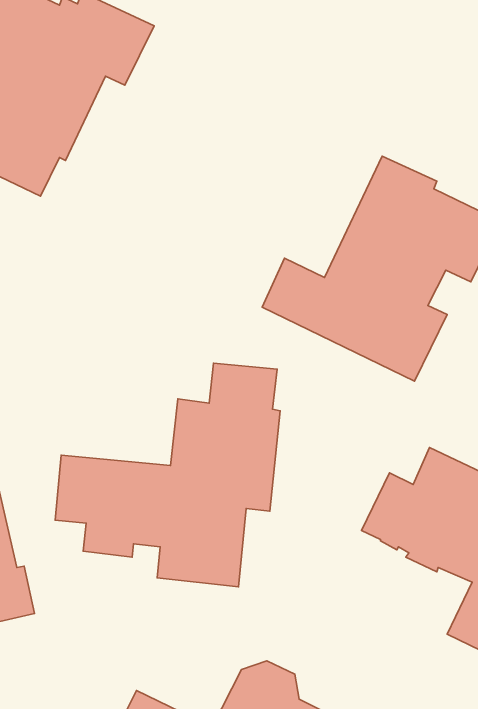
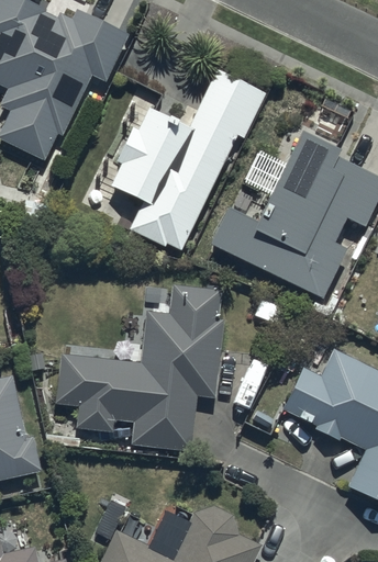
building: none -> [110,69,266,249]

